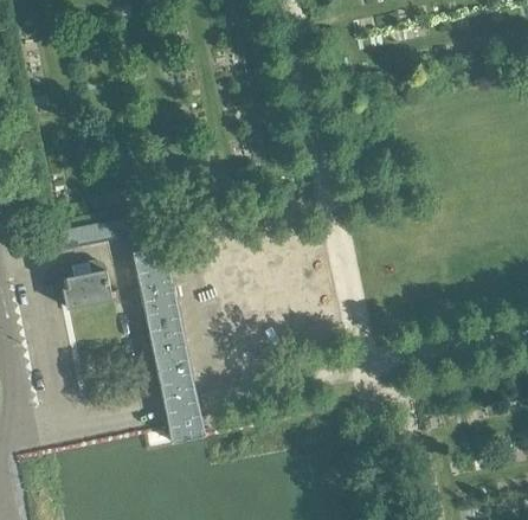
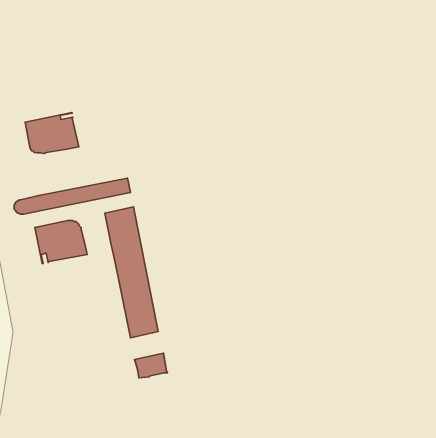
building: none -> [25,113,79,153]
building: [162,389,200,421] -> none

